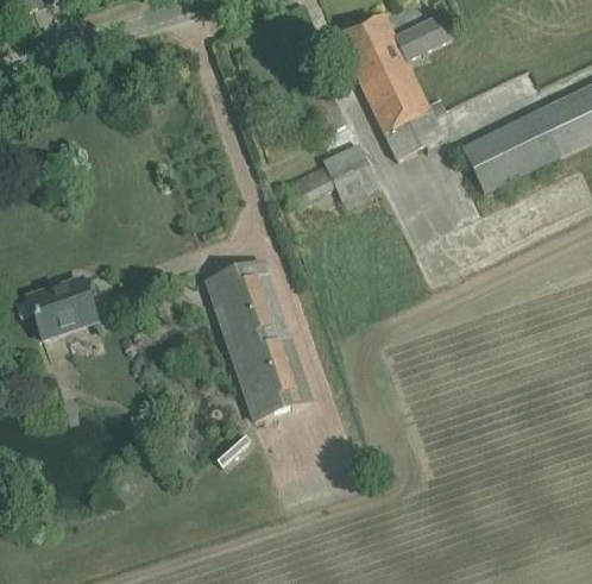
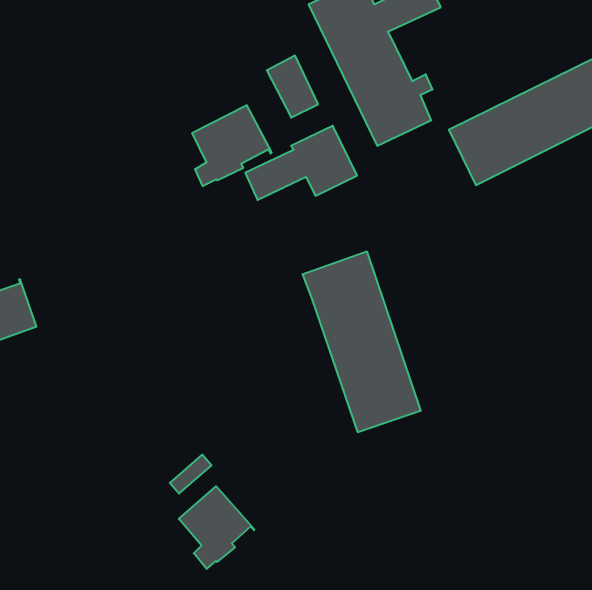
building: none -> [192,105,272,186]
building: [206,262,310,421] -> [302,252,421,432]
building: none -> [179,486,254,569]

